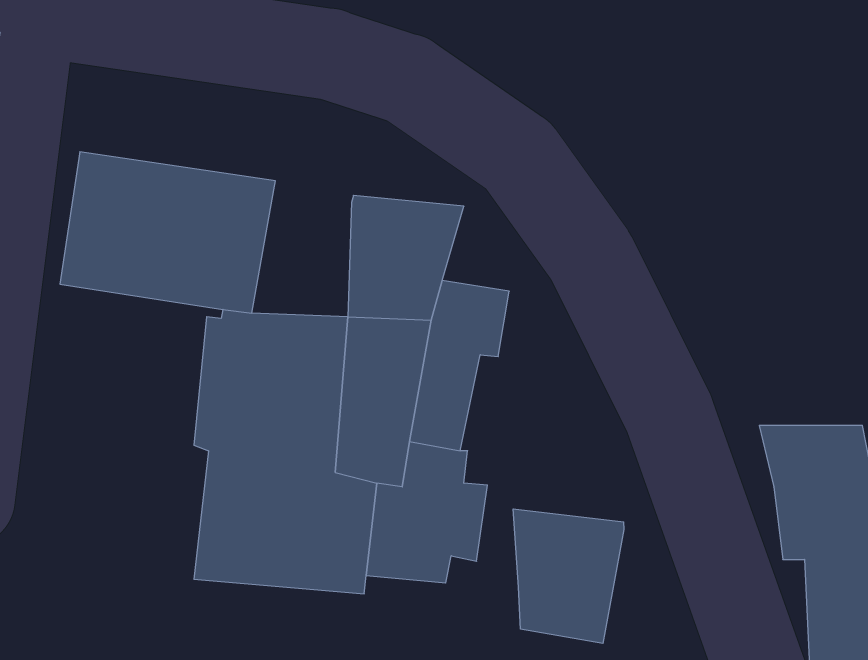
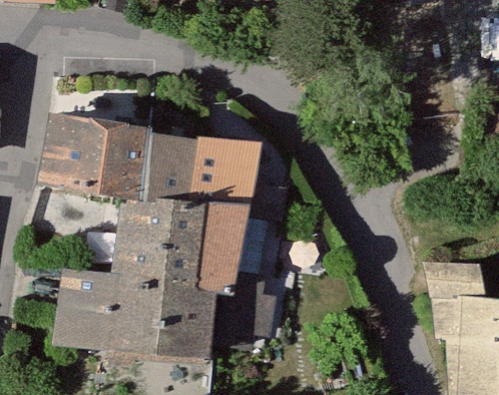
building: none -> [144,133,199,204]
building: none -> [50,270,120,349]
building: [513,509,624,643] -> none

